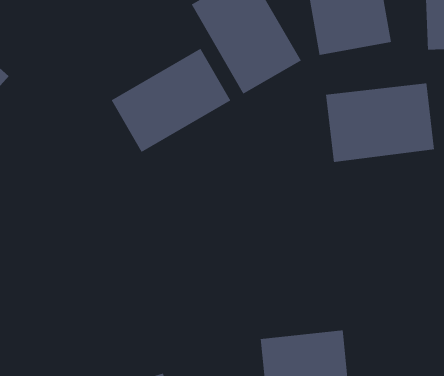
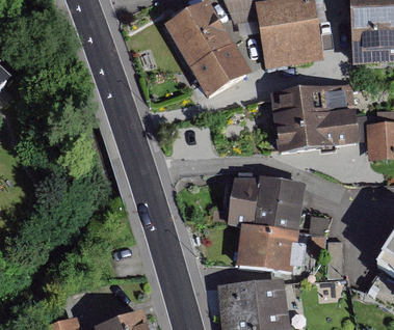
building: [111,48,231,153] -> none
building: none -> [227,171,309,269]

